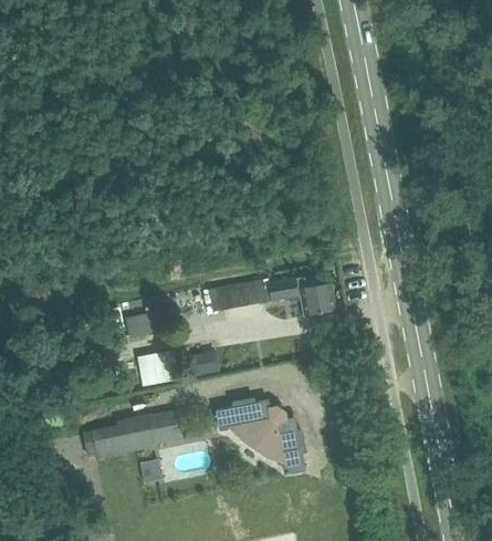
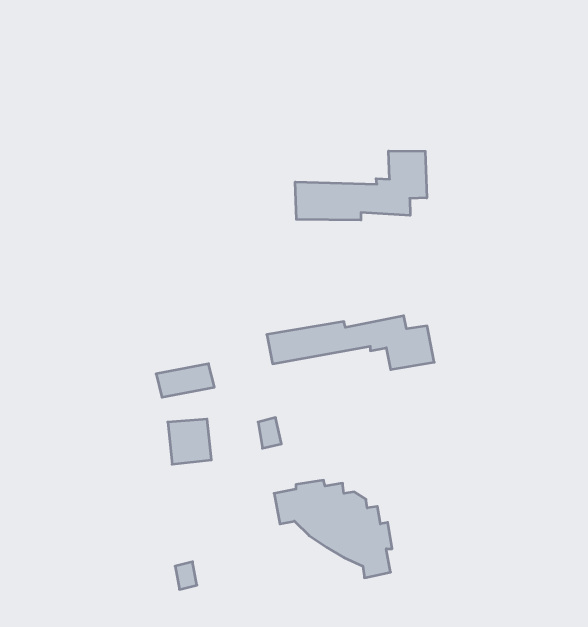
building: none -> [295,151,427,220]
building: [83,410,184,457] -> none

